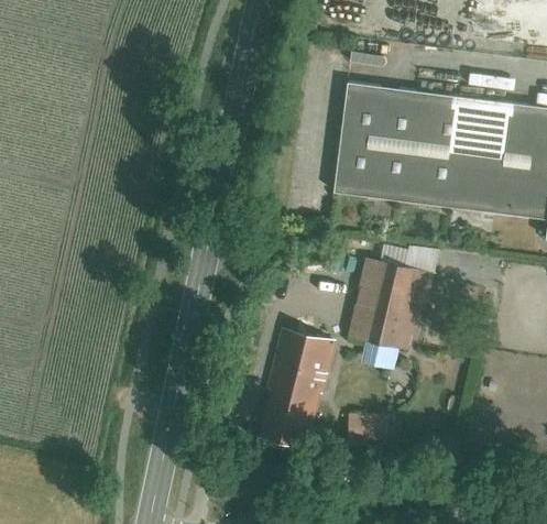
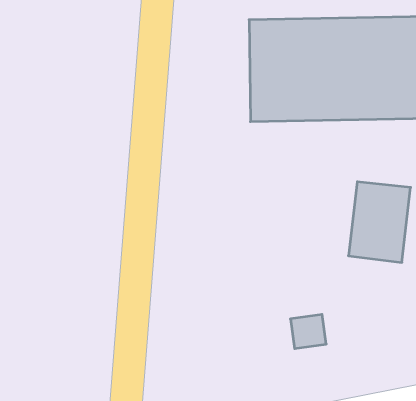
building: [348,259,426,353] -> [348,182,411,262]
building: [253,330,331,441] -> none

